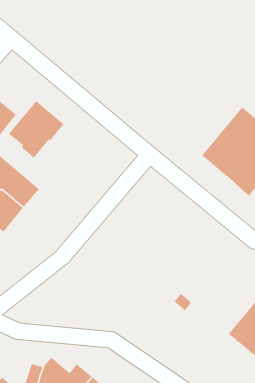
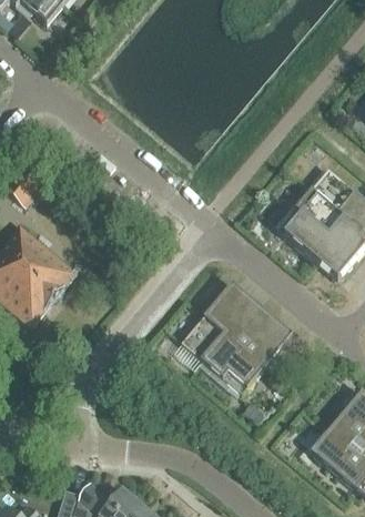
building: [8,100,64,159] -> none
building: none -> [180,283,292,394]

